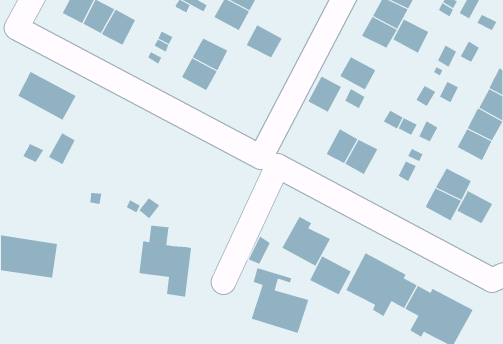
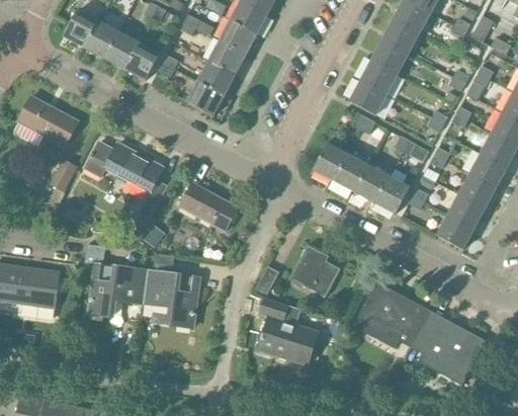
building: [393,19,429,53] -> [360,60,398,95]
building: none -> [126,44,160,80]
building: [246,25,282,58] -> [208,40,246,75]
building: [307,76,342,112] -> [314,144,349,181]
building: none -> [84,142,168,219]
building: none -> [374,176,410,214]
building: none -> [180,183,239,232]
building: [456,190,493,224] -> [458,174,496,209]
building: none -> [85,244,147,317]
building: [310,256,352,295] -> none

